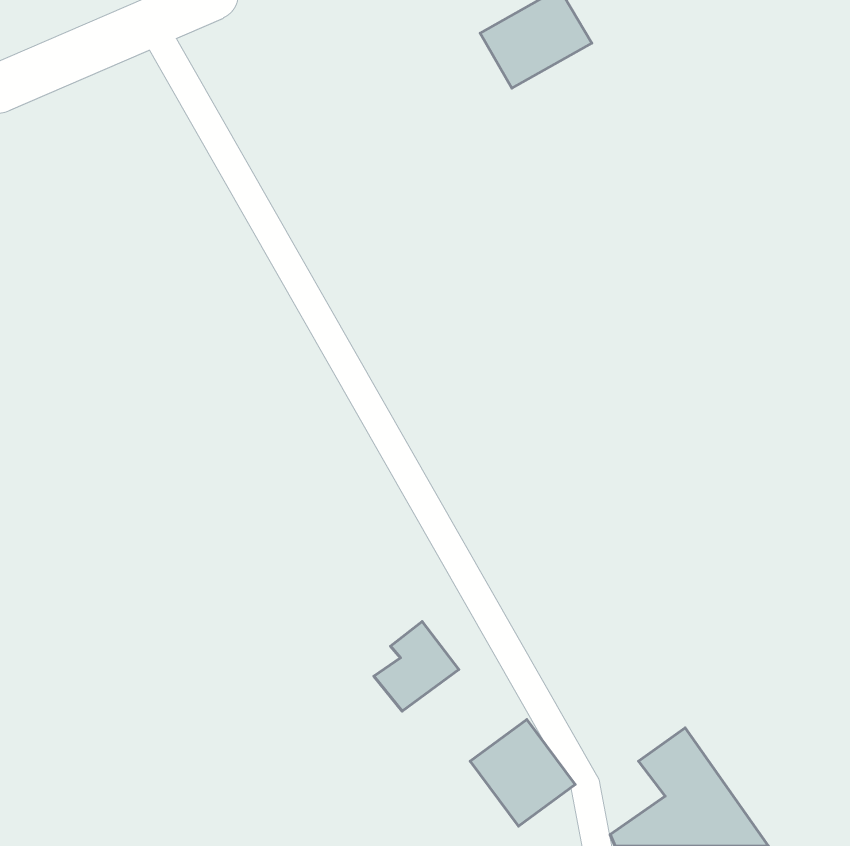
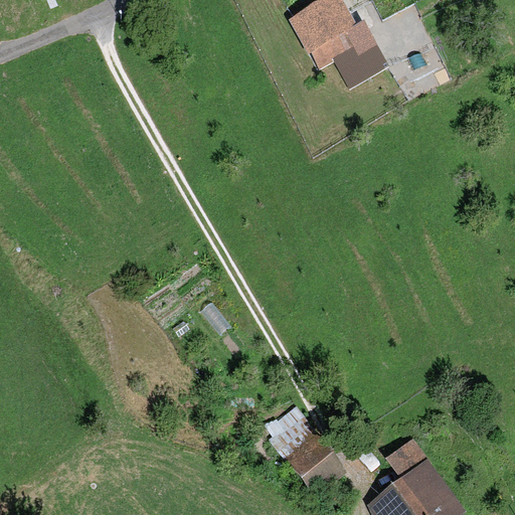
building: none -> [309,22,388,89]
building: [374,621,459,711] -> [267,405,318,460]

